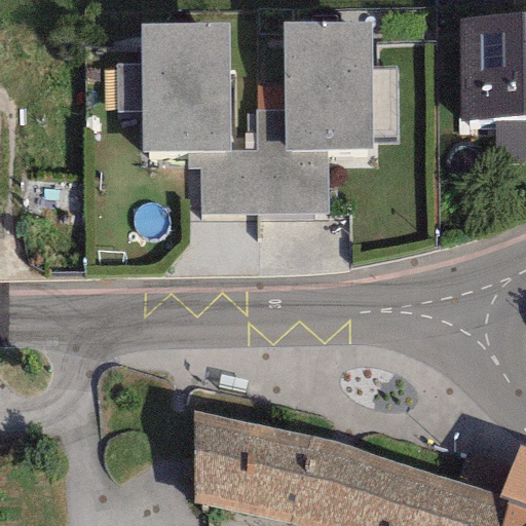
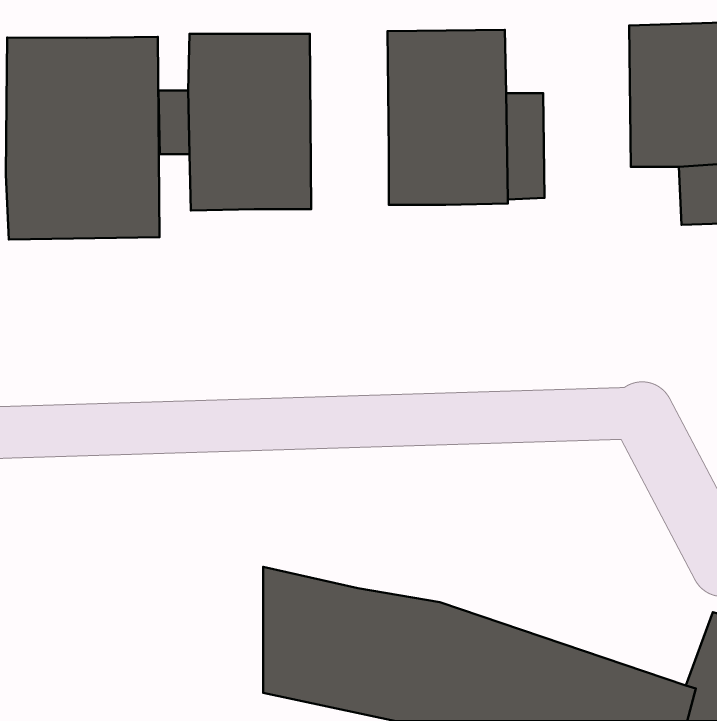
building: none -> [6,37,160,239]
building: [188,110,330,214] -> none

